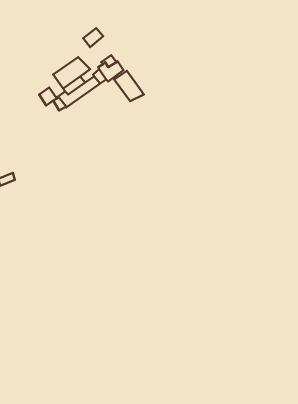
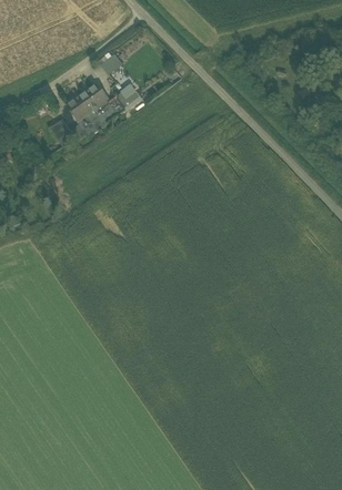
building: [114,71,144,101] -> none

